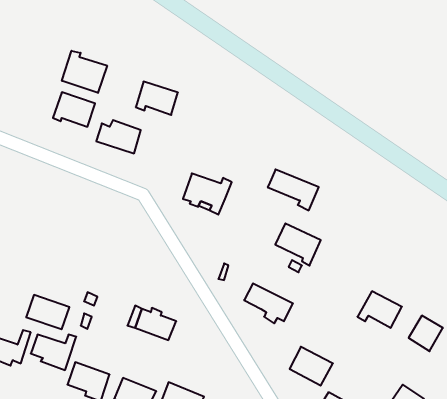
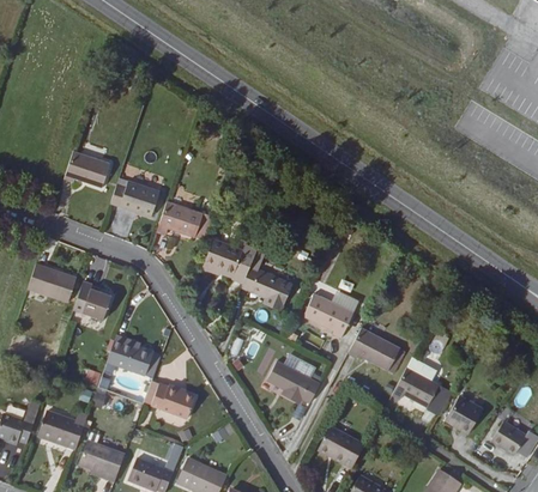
building: [62,51,107,93] -> none
building: [136,82,178,115] -> [157,201,202,237]
building: [268,169,319,210] -> [241,266,296,310]
building: none -> [28,265,75,303]
building: none -> [74,283,111,321]
building: none -> [349,326,401,369]
building: [26,295,69,329] -> [107,339,153,376]

